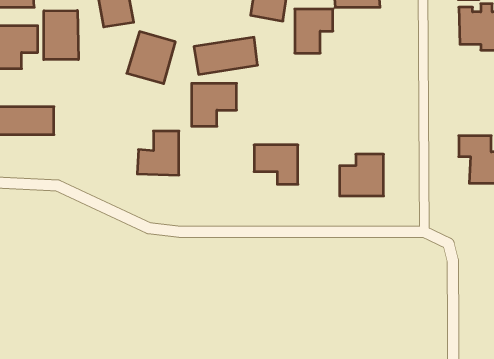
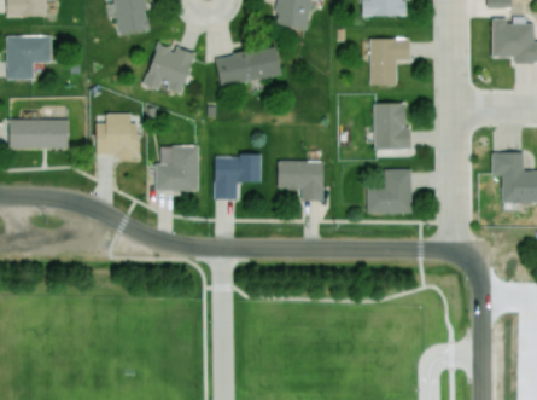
building: [295,9,333,53] -> [370,39,410,85]
building: [44,10,78,60] -> none
building: [192,83,237,126] -> [215,156,262,201]
building: none -> [373,104,409,150]
building: none -> [98,115,138,160]

